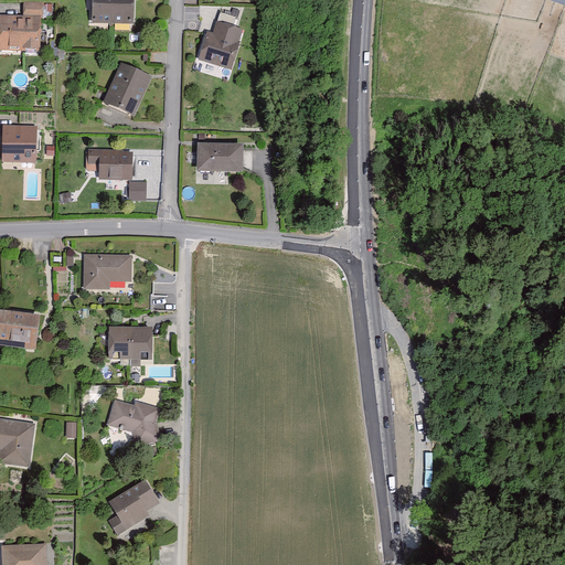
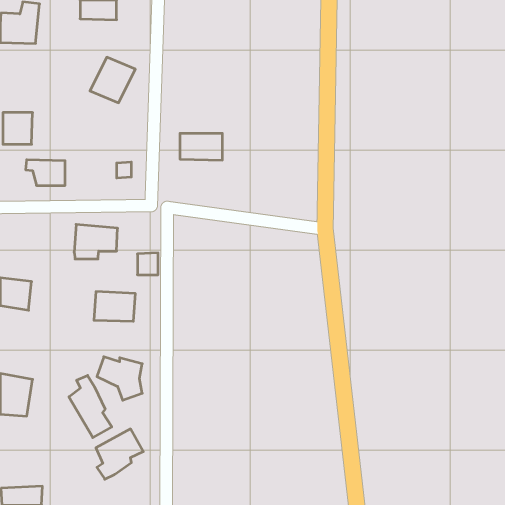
building: [201,21,247,72] -> none
building: [87,150,131,179] -> [26,160,65,185]
building: none -> [69,375,112,438]

